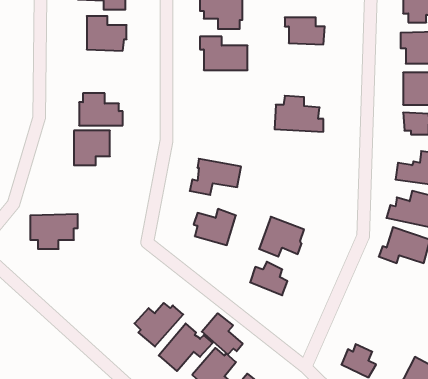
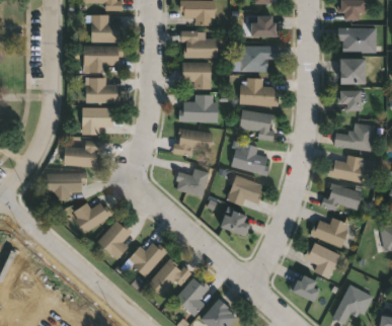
building: none -> [83,47,123,71]
building: none -> [234,47,278,75]
building: none -> [179,63,210,90]
building: none -> [178,96,218,124]
building: none -> [239,109,275,141]
building: none -> [64,140,101,167]
building: none -> [231,143,269,176]
building: none -> [73,202,112,233]
building: none -> [311,217,347,246]
building: none -> [97,220,132,259]
building: none -> [304,243,339,277]
building: [202,313,243,355] -> none

